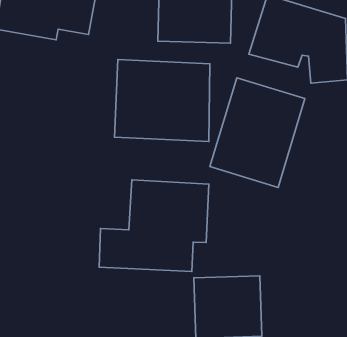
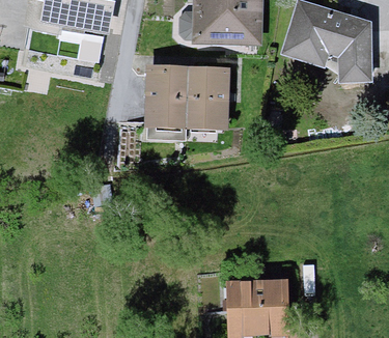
building: [210,78,305,187] -> none
building: [99,180,209,271] -> none

